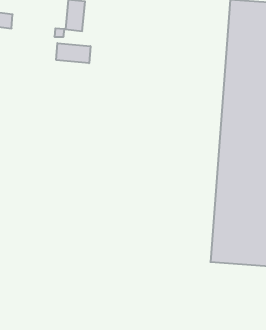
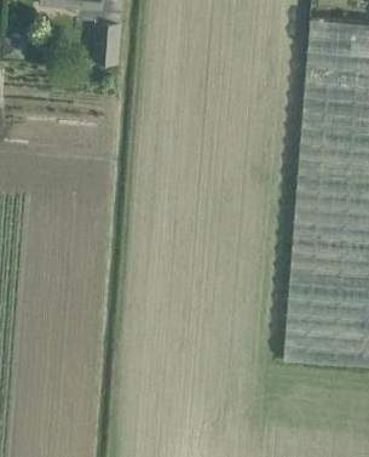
building: [56,43,90,63] -> none

